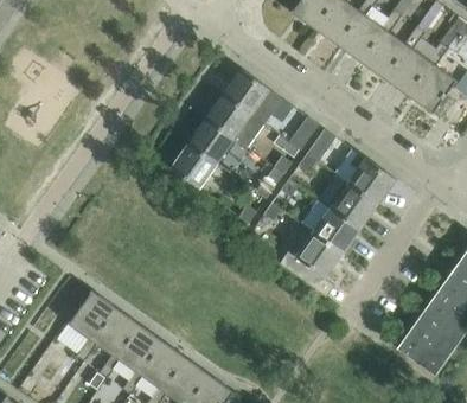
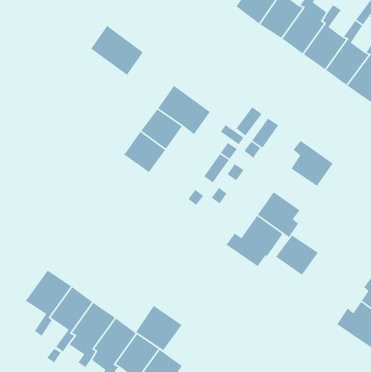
building: [224,69,281,123] -> [90,24,144,76]
building: [330,184,376,228] -> [275,235,319,276]
building: none -> [135,305,182,351]

